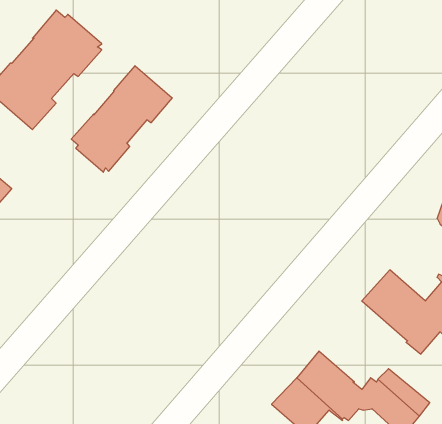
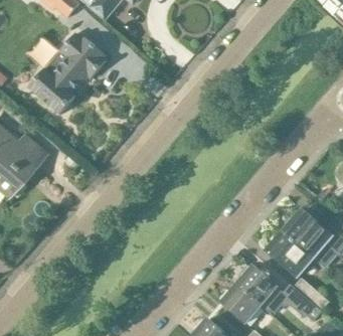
building: [71,66,172,172] -> none
building: none -> [267,230,313,276]

